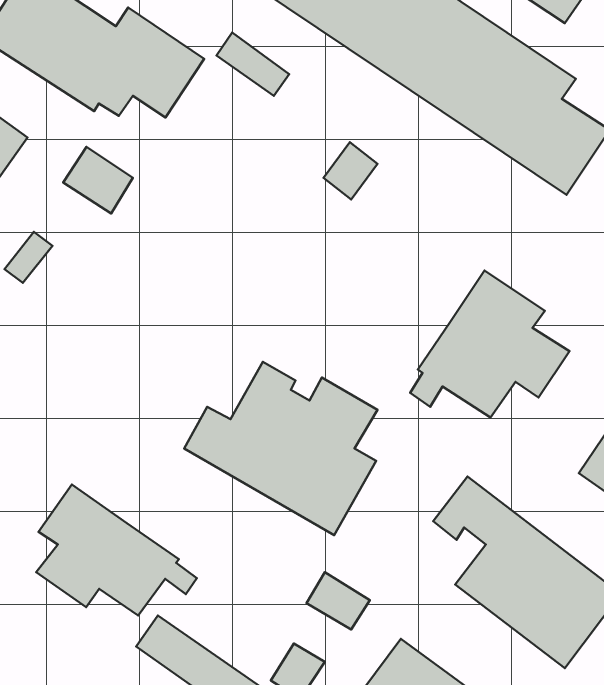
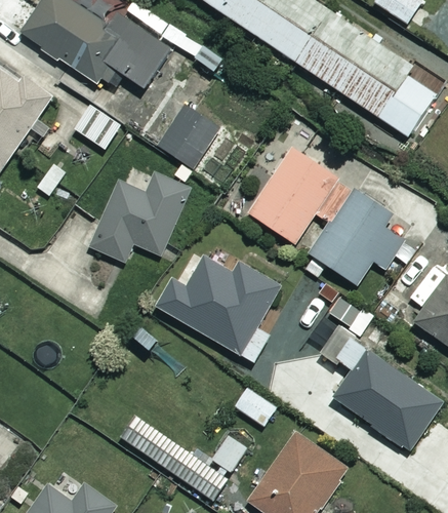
building: none -> [158,106,219,169]
building: none -> [248,147,353,244]
building: none -> [87,164,185,265]
building: [36,484,197,616] -> none

